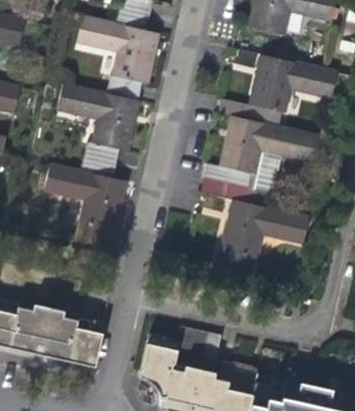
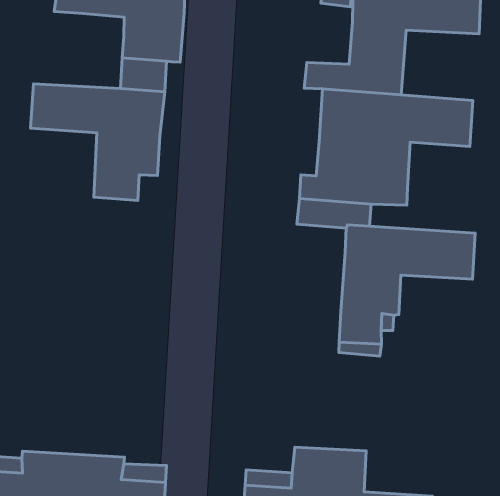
building: [60,157,122,249] -> none

